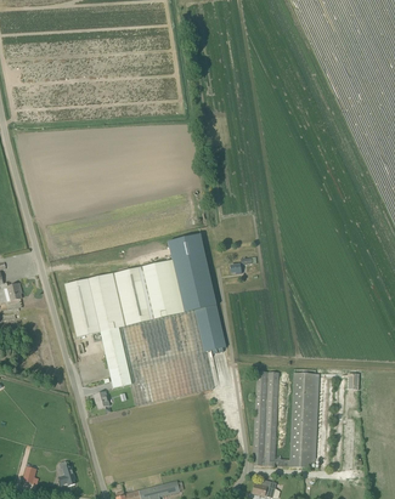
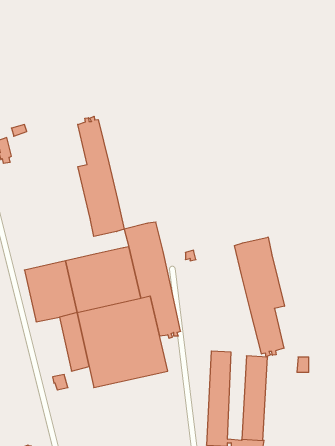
building: none -> [78,116,124,236]
building: none -> [235,237,284,357]

